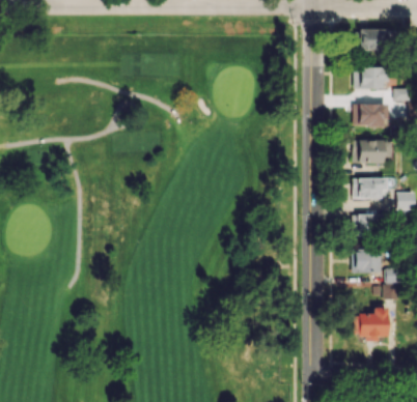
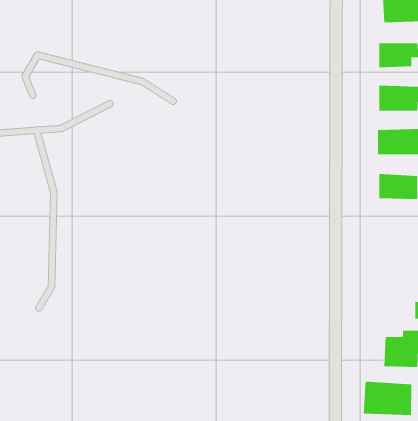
building: [354,214,378,234] -> none
building: [353,250,381,272] -> none
building: none -> [363,381,412,416]

